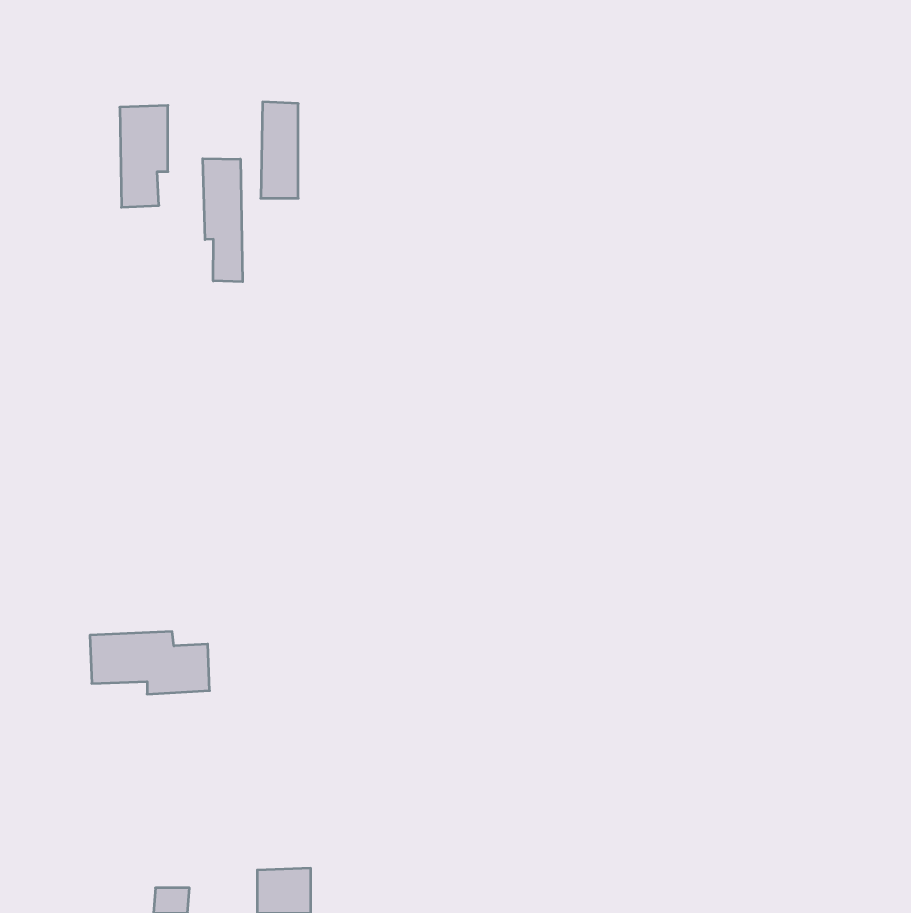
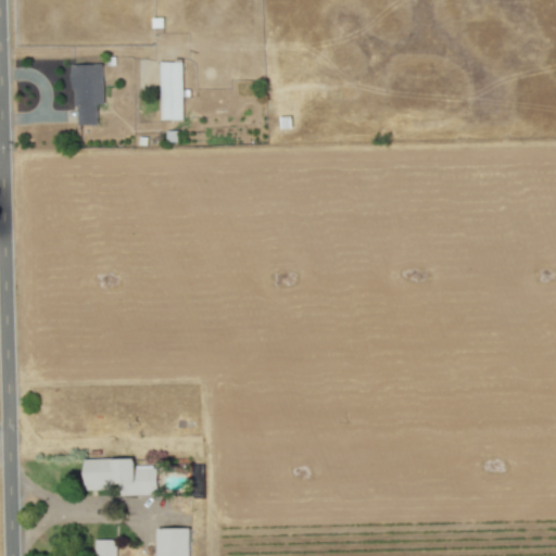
building: [203,159,243,282] -> none
building: [90,632,210,694] -> [84,458,156,496]

